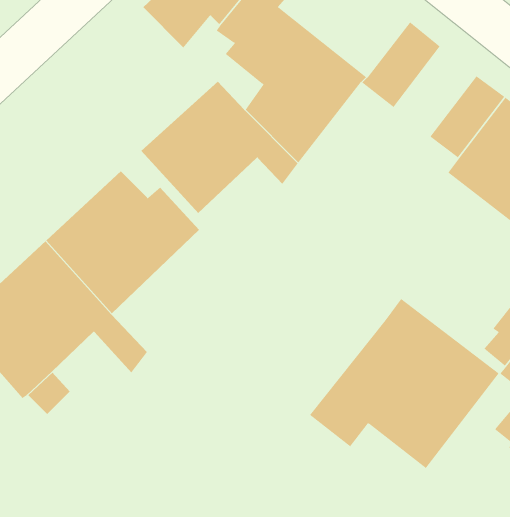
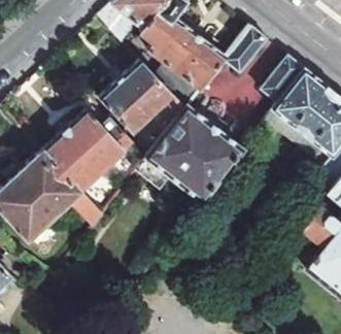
building: none -> [208,67,269,126]
building: [309,298,500,469] -> [135,107,244,205]

